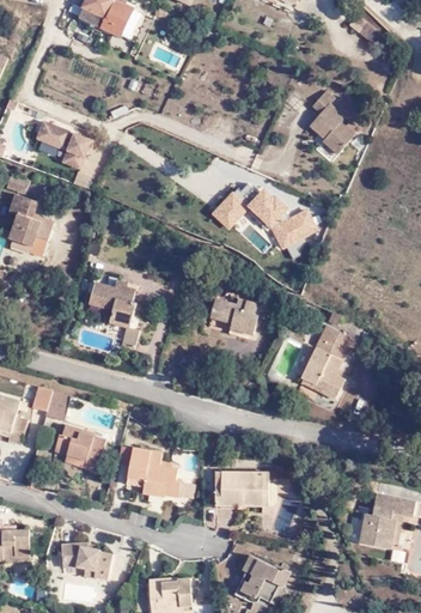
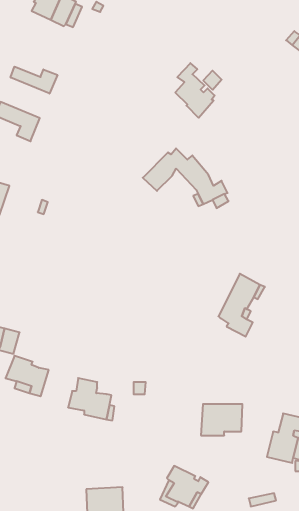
building: none -> [11,67,57,94]
building: [310,89,356,153] -> [175,63,215,118]
building: [92,283,139,348] -> none
building: [210,296,261,332] -> none
building: [210,472,260,509] -> [201,404,242,435]
building: [60,542,110,577] -> none

